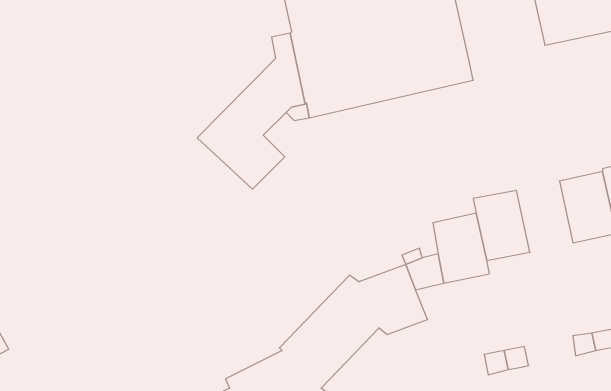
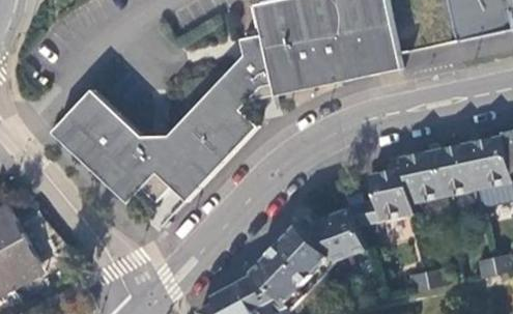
building: none -> [53,87,230,200]
building: none -> [433,144,477,199]

